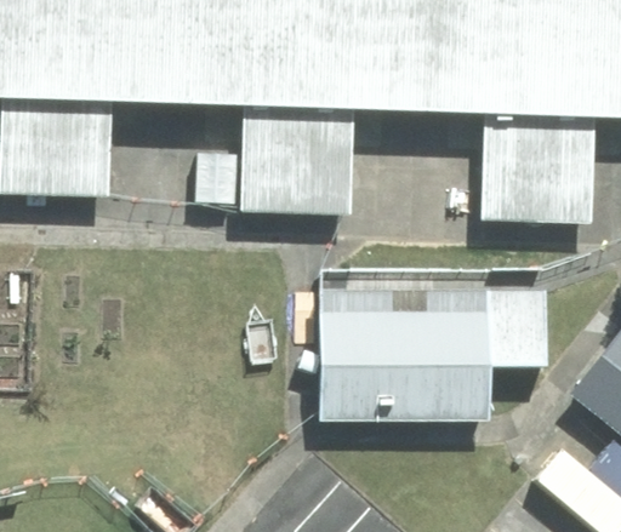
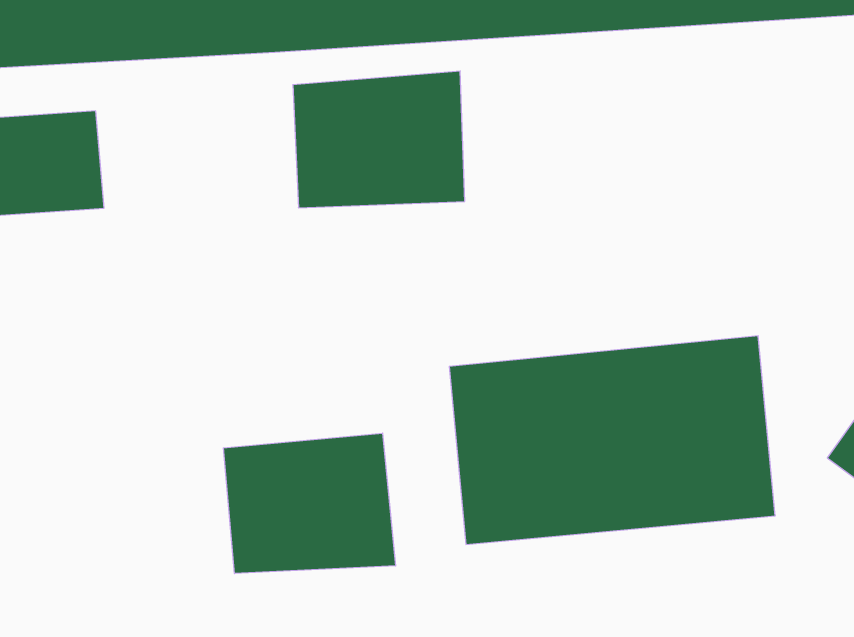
building: [473,133,586,219] -> none
building: none -> [223,433,396,574]

